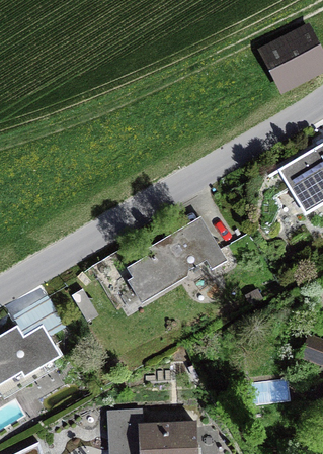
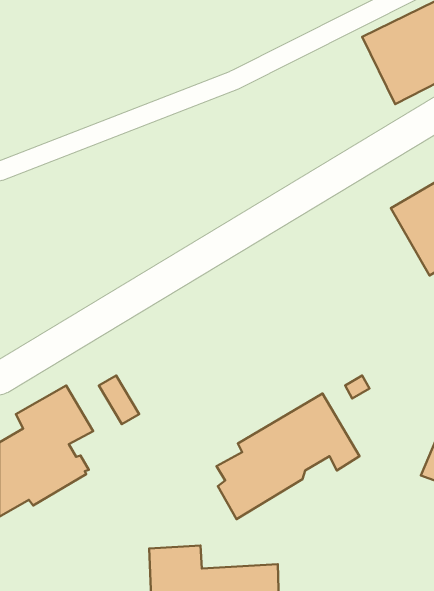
building: [127,216,228,305] -> [217,393,360,519]

